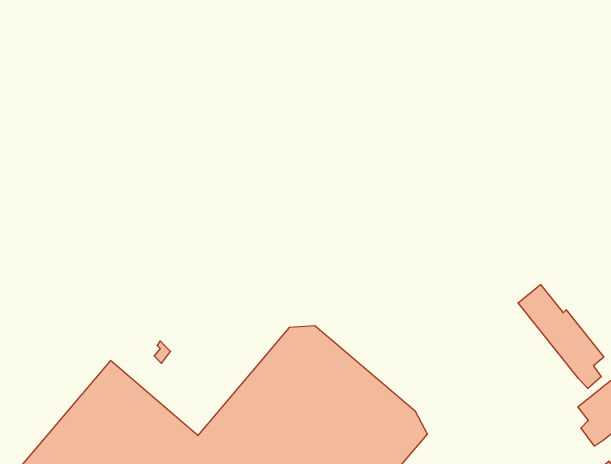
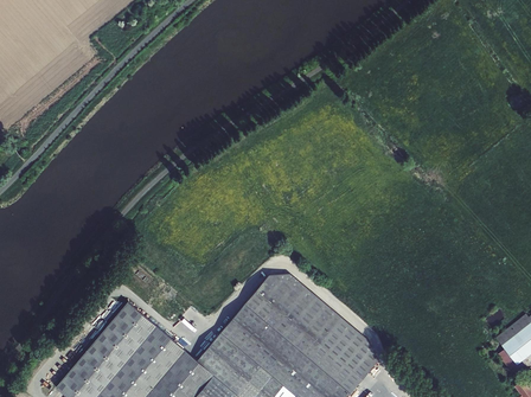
building: [518,285,604,389] -> none

